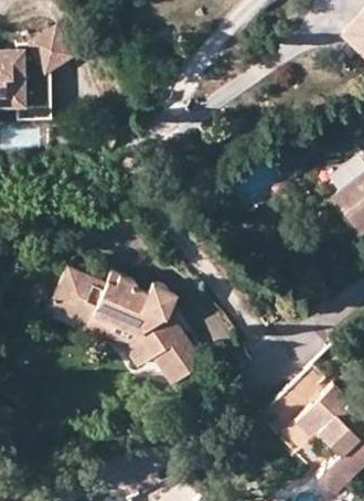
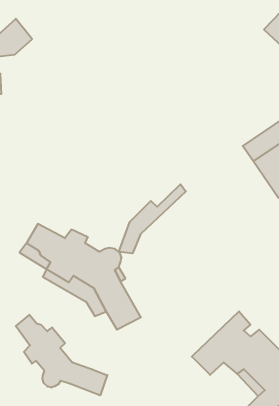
building: none -> [119,184,186,253]
building: none -> [16,315,107,395]

